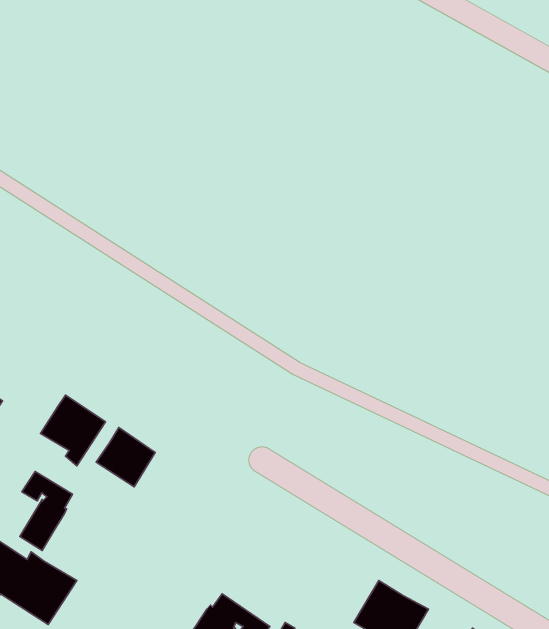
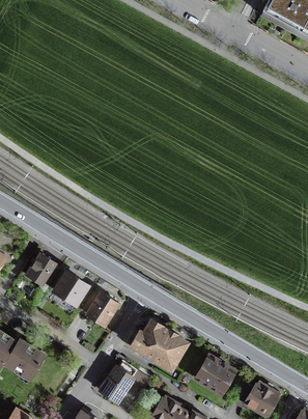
building: none -> [83,290,119,325]
building: [20,471,73,550] -> none
building: none -> [133,320,186,368]

